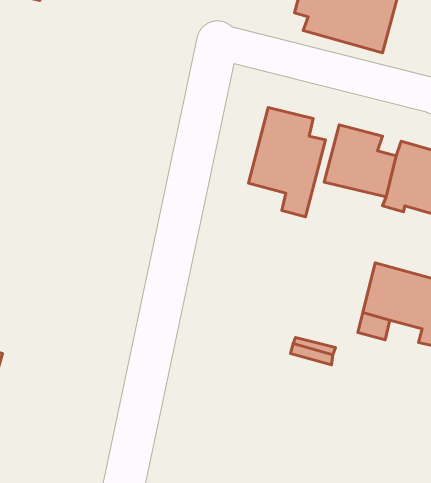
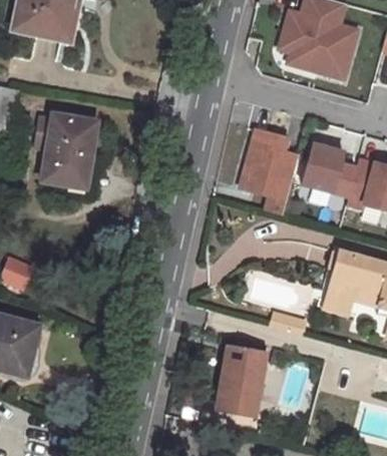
building: none -> [41,112,97,185]
building: none -> [218,334,269,415]

